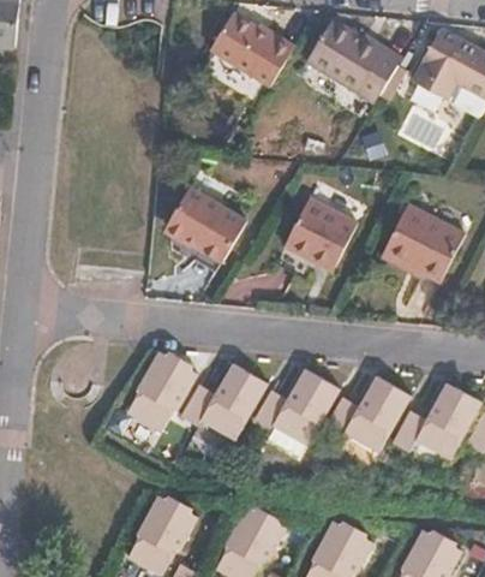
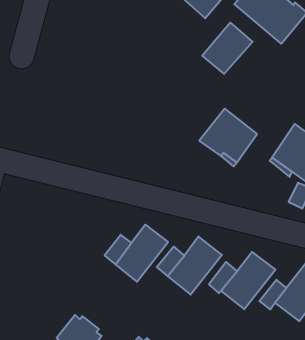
building: none -> [202,23,253,74]
building: [169,184,246,258] -> none
building: [126,356,197,439] -> none

